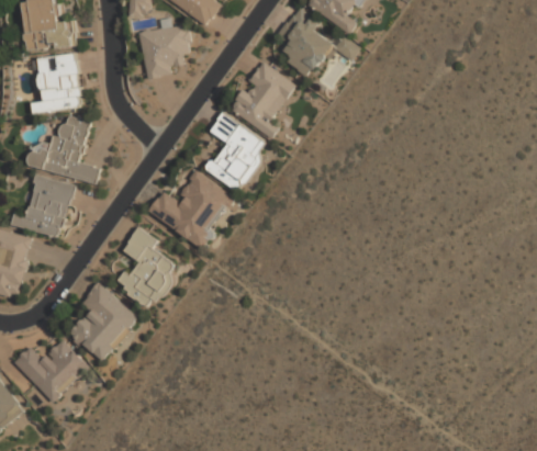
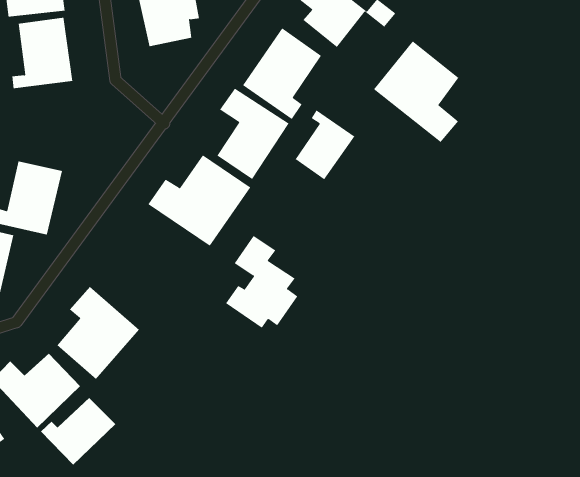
building: none -> [373,40,459,143]
building: [26,113,100,181] -> none
building: none -> [295,109,355,180]
building: [113,225,176,305] -> [225,235,298,329]
building: none -> [40,397,116,466]

